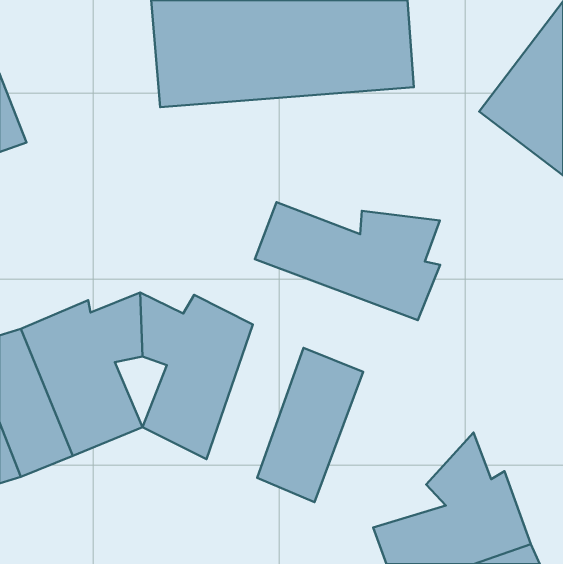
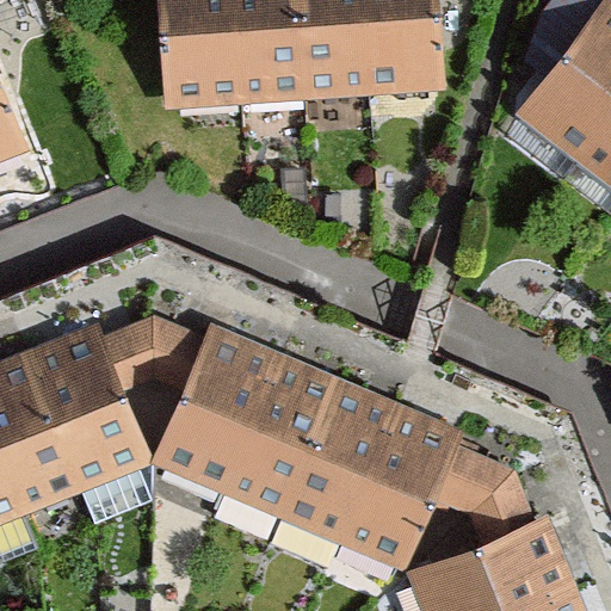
building: [255,202,440,320] -> none
building: none -> [223,351,328,517]
building: none -> [340,402,512,570]

